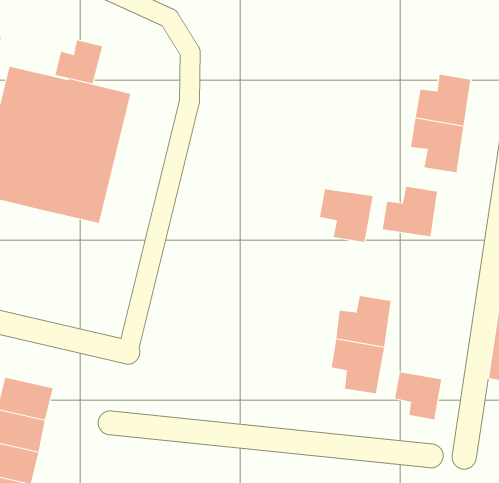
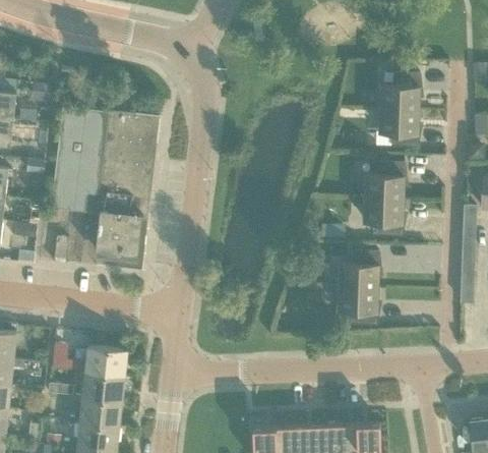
building: [55,39,103,84] -> none
building: [319,189,373,242] -> [363,199,403,236]
building: none -> [95,215,146,270]
building: [394,372,442,420] -> none

